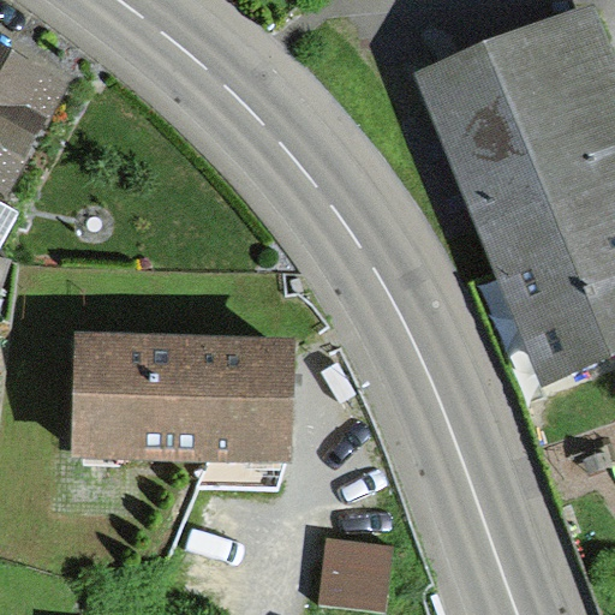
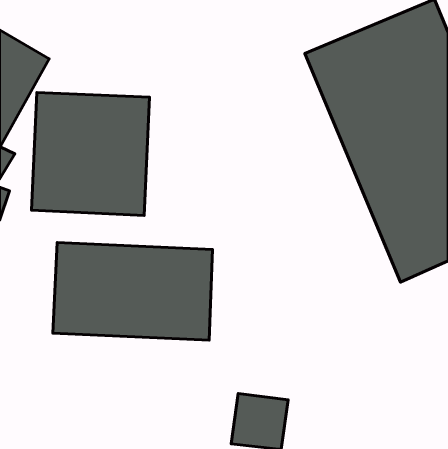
building: none -> [32,92,150,216]

